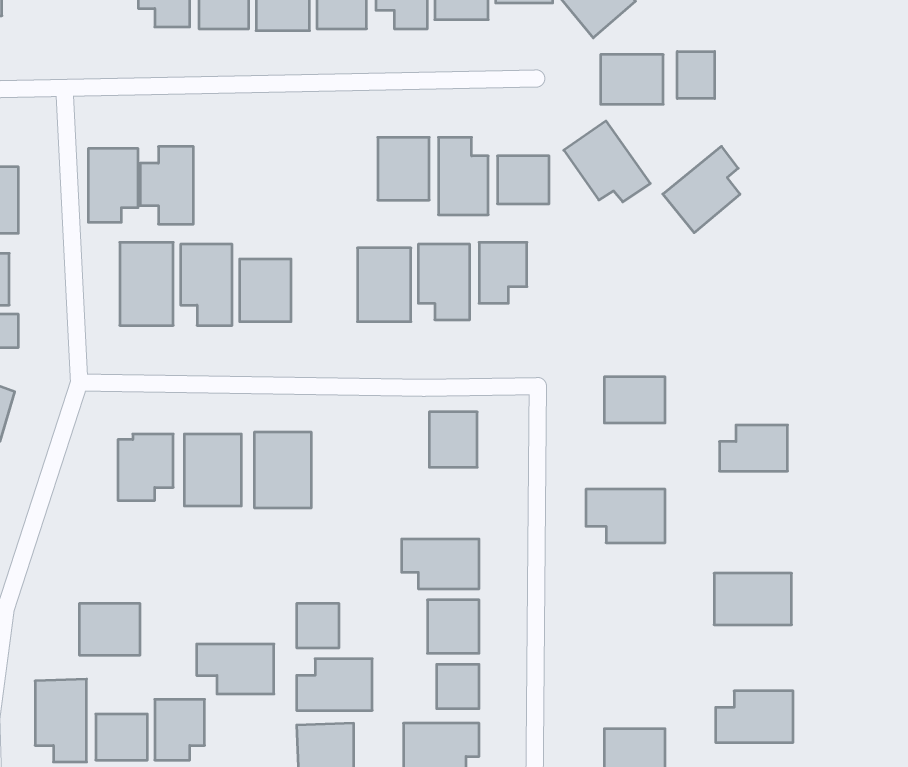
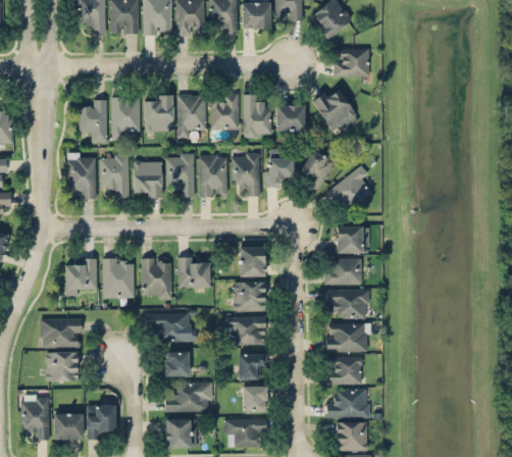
building: [677,51,715,99] -> none
building: none -> [177,94,207,139]
building: none -> [145,95,173,131]
building: [663,146,740,233] -> [327,165,370,213]
building: [88,149,138,222] -> [112,97,140,138]
building: none -> [302,149,335,190]
building: none -> [166,153,195,197]
building: [719,425,788,471] -> [324,258,362,284]
building: none -> [178,257,209,287]
building: none -> [235,281,265,310]
building: none -> [40,318,82,347]
building: [714,573,792,625] -> [326,322,369,351]
building: none -> [327,356,363,384]
building: [197,644,274,694] -> [146,313,189,341]
building: [716,691,793,742] -> [326,389,369,417]

